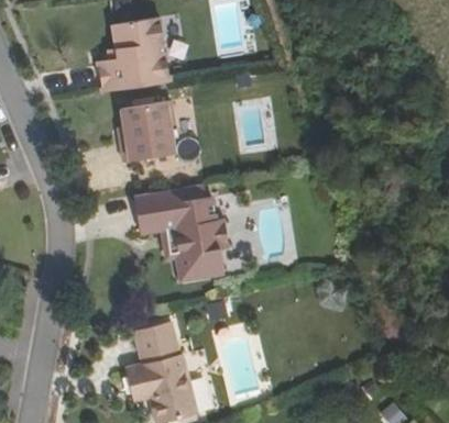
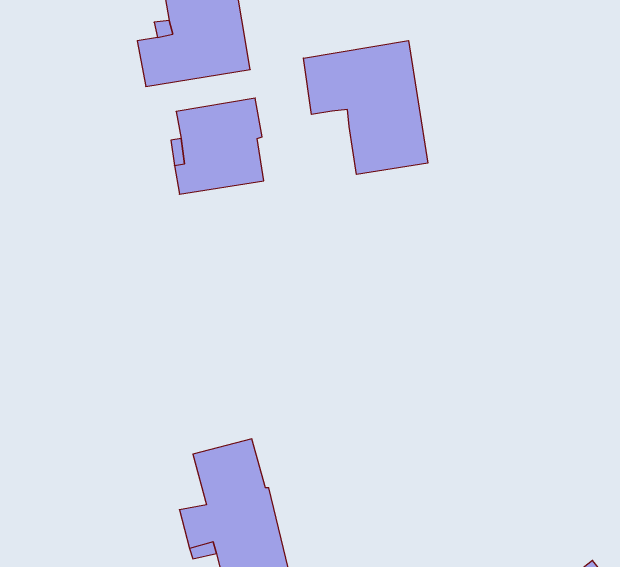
building: none -> [303,41,428,174]
building: [134,189,231,278] -> none

